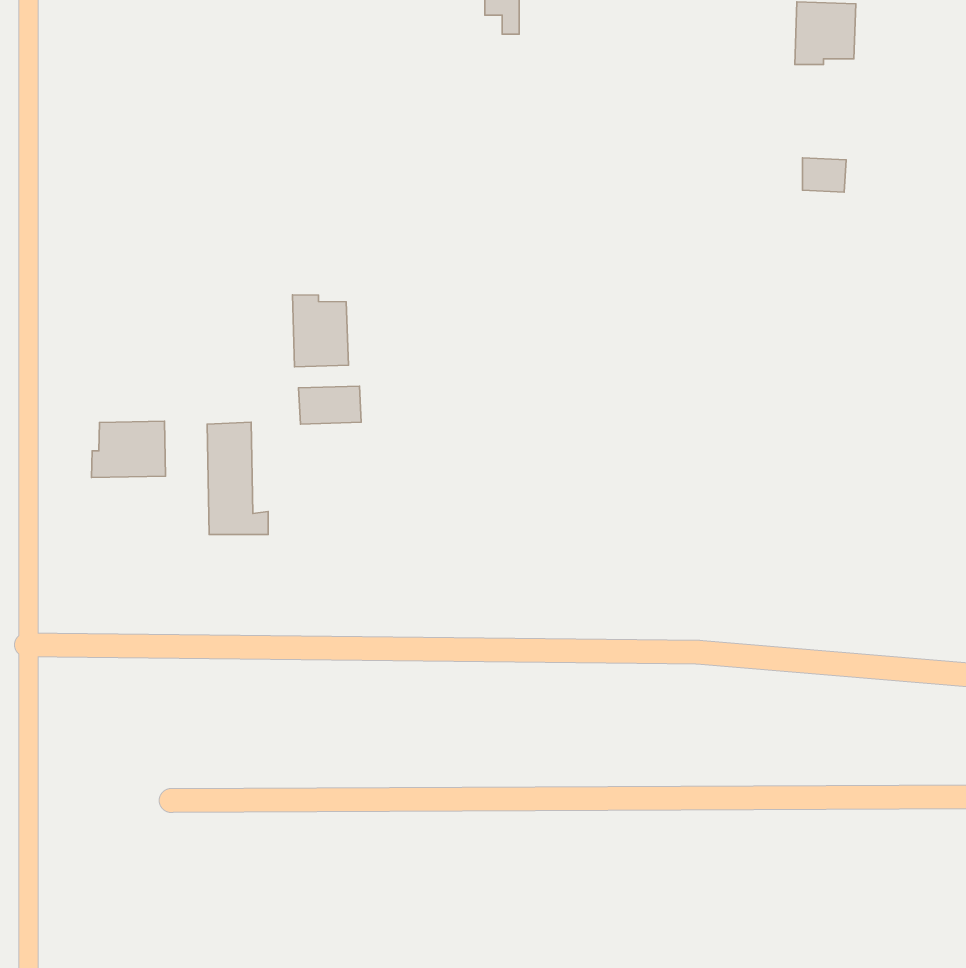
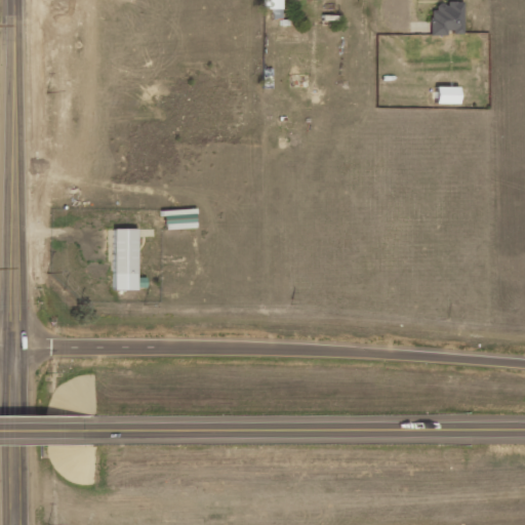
building: [292,295,348,367] -> none
building: [92,421,166,478] -> none

